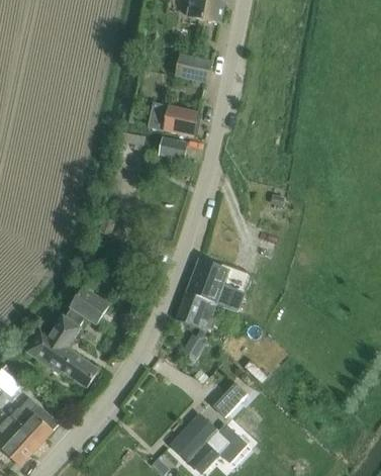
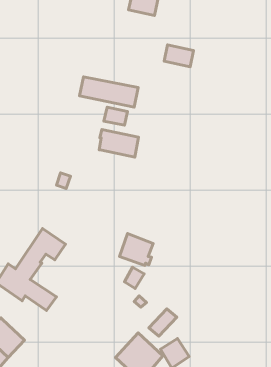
building: [175,55,211,82] -> [164,45,194,67]
building: none -> [99,129,139,157]
building: [186,259,246,310] -> none

